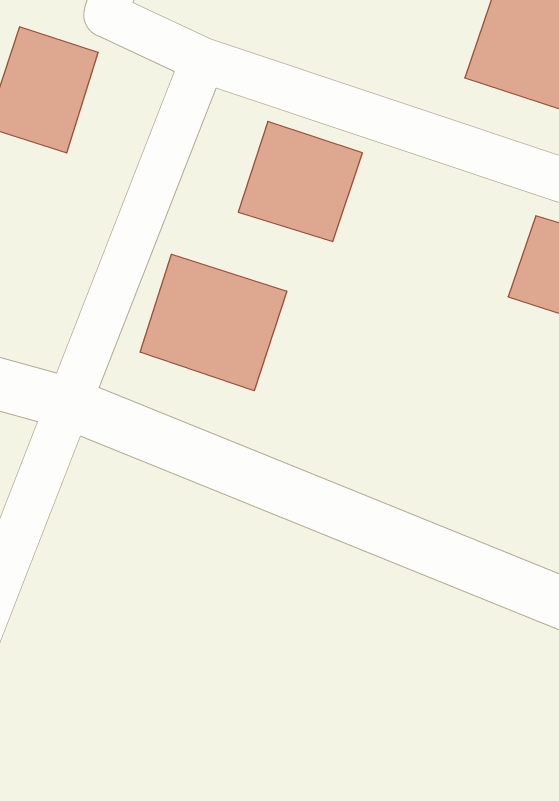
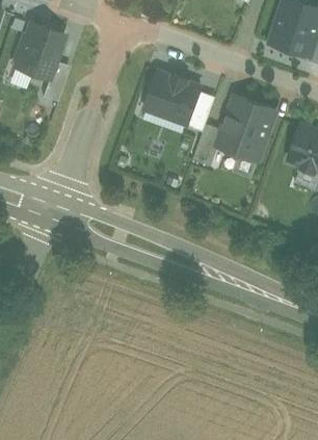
building: none -> [214,90,281,162]
building: [140,254,287,391] -> none

